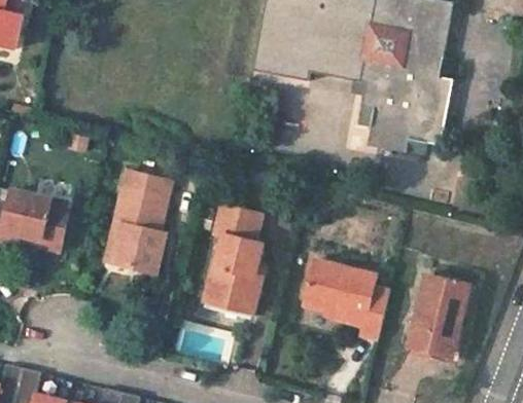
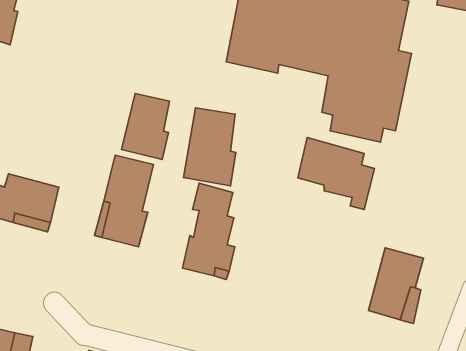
building: none -> [121,93,169,159]
building: none -> [183,108,236,186]
building: [304,257,388,336] -> [298,138,375,210]

